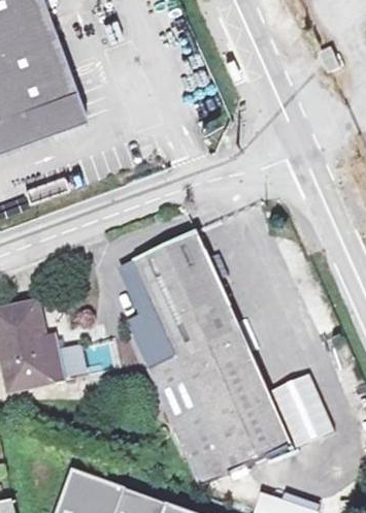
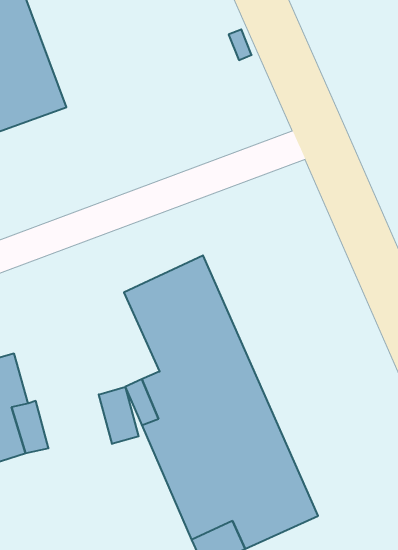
building: none -> [99,387,139,444]
building: [264,370,331,445] -> none

